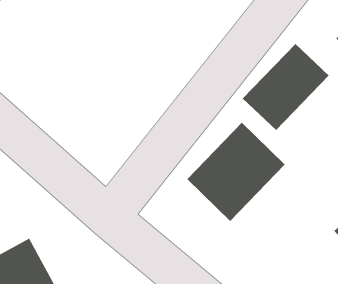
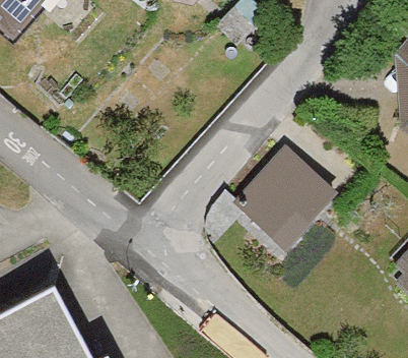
building: [242,43,330,131] -> none

